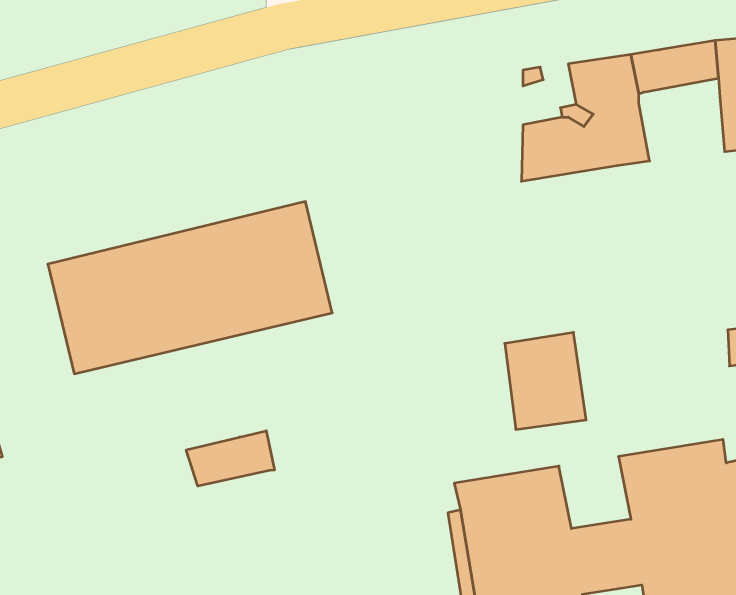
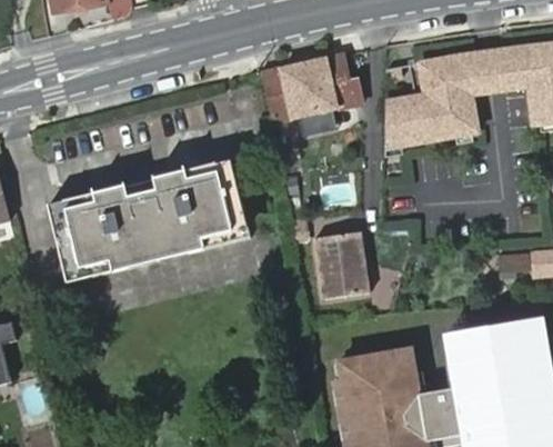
building: none -> [264,54,359,172]
building: [505,332,586,429] -> [312,230,370,299]
building: [186,431,274,486] -> none

